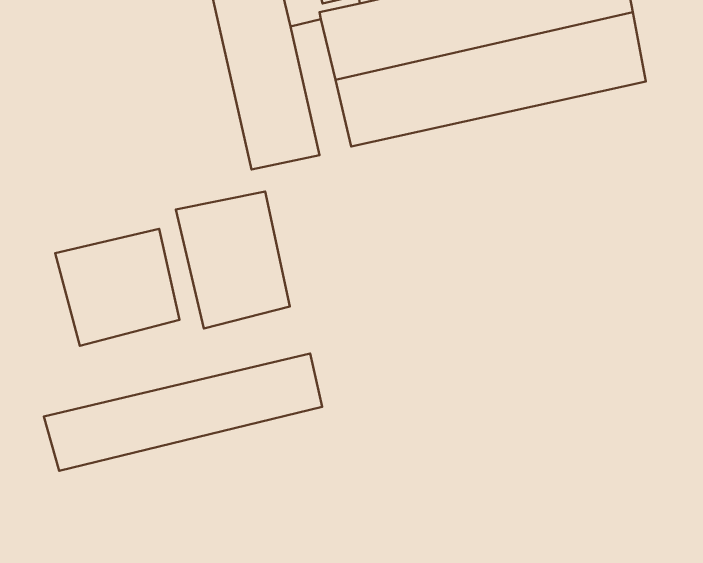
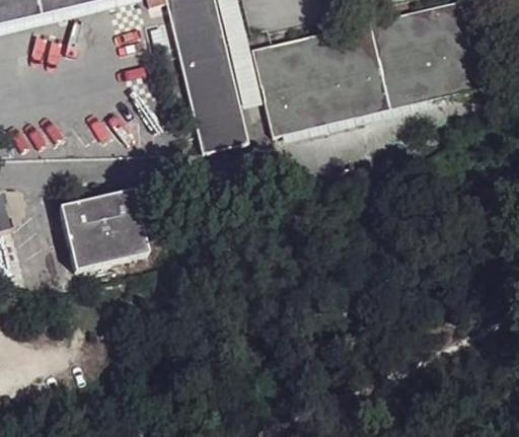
building: [176,192,290,328] -> none
building: [44,354,322,471] -> none

